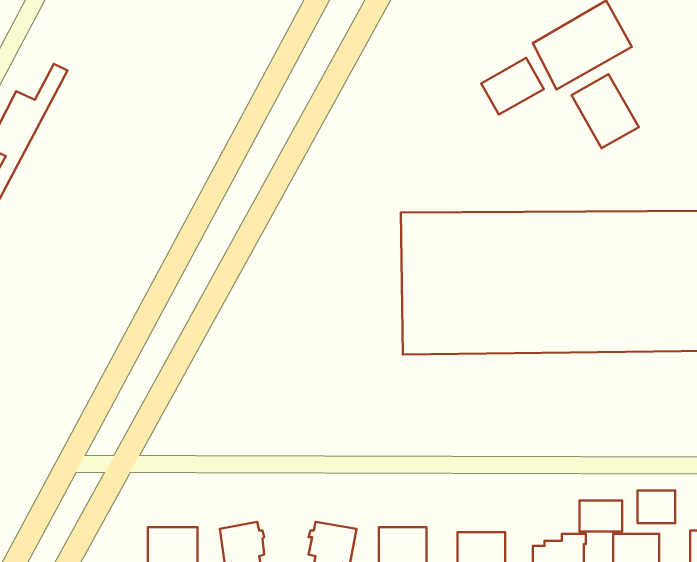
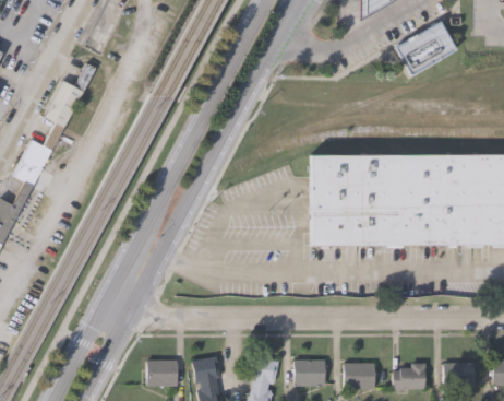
building: [481,58,544,115] -> none
building: [571,74,639,148] -> none
building: [637,491,675,523] -> none
building: [579,500,622,531] -> none

